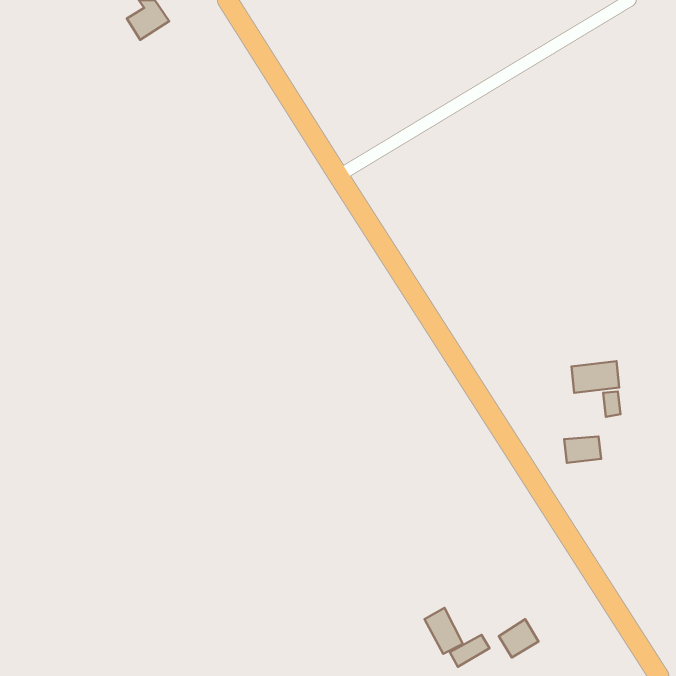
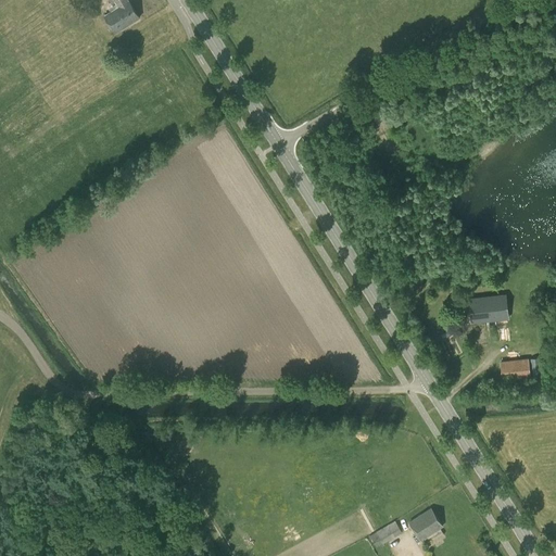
building: [564,436,601,463] -> [500,358,530,380]
building: [424,608,463,654] -> none

